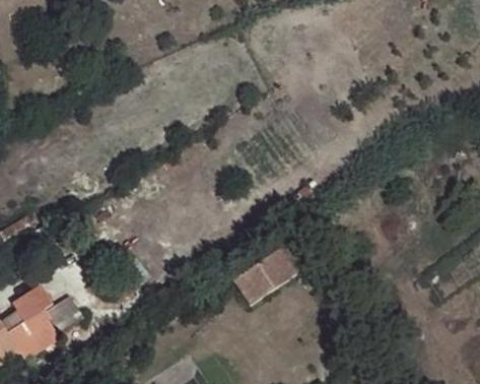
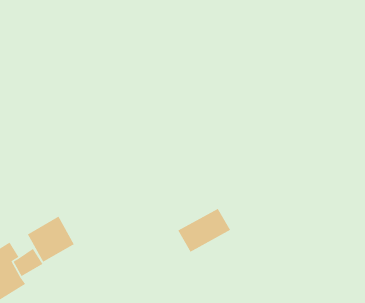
building: none -> [27,216,75,263]

